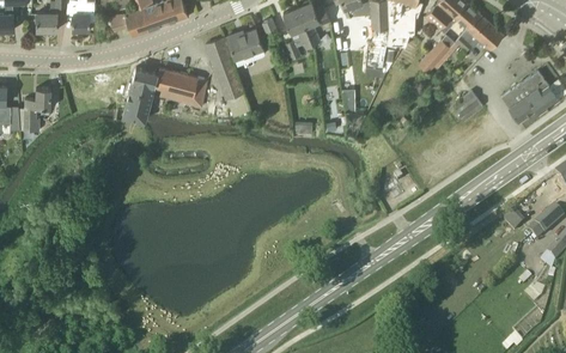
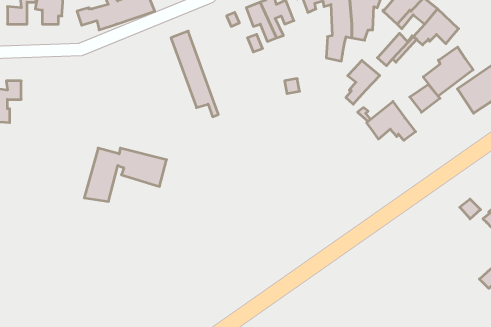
building: [227,25,263,55] -> none
building: none -> [423,47,473,96]
building: [122,63,207,118] -> [84,148,167,201]
building: none -> [346,60,380,104]
building: none -> [367,101,416,140]

